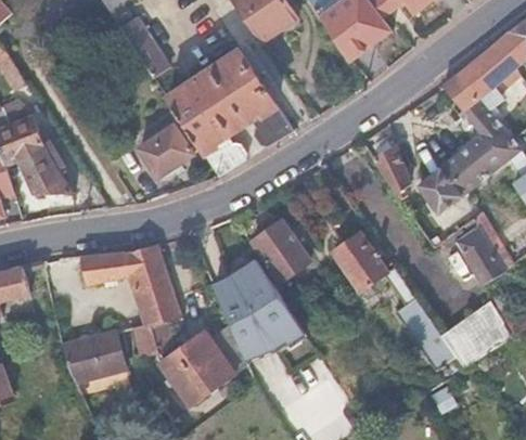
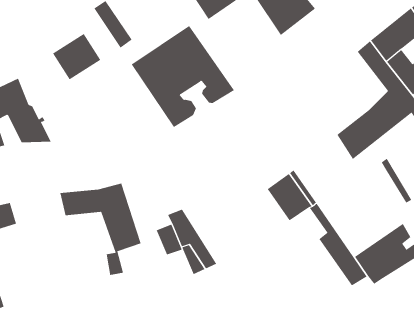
building: [137,125,196,182] -> [52,33,101,80]
building: [372,143,408,198] -> none
building: [252,218,310,280] -> none
building: [456,229,504,284] -> none
building: [230,258,302,341] -> none
building: [159,331,233,404] -> none
building: [61,332,124,377] -> none

